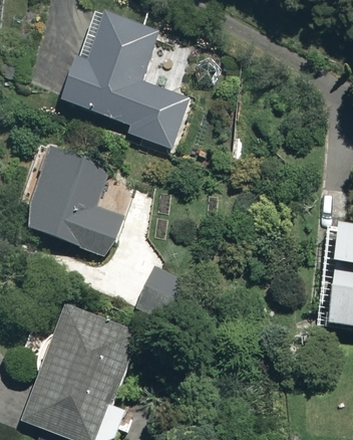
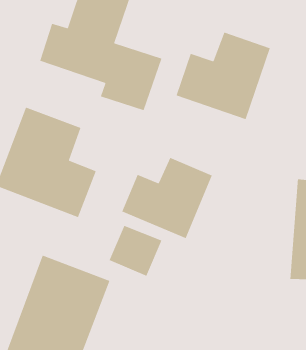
building: none -> [176,31,271,120]
building: none -> [121,157,213,239]

